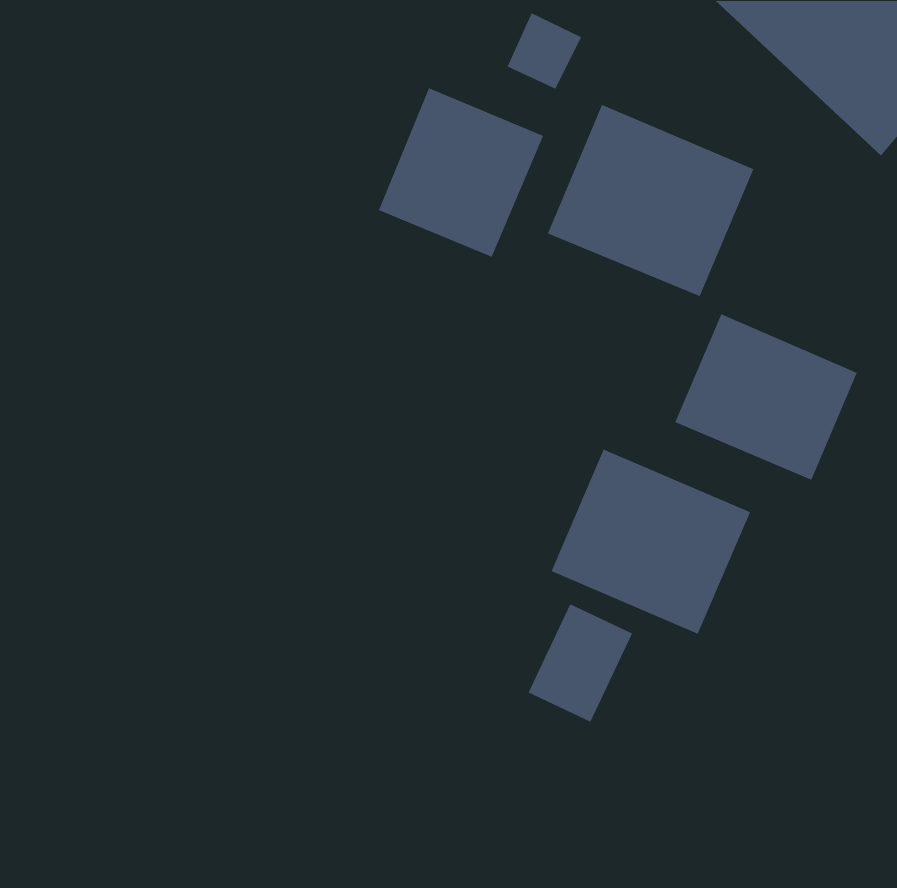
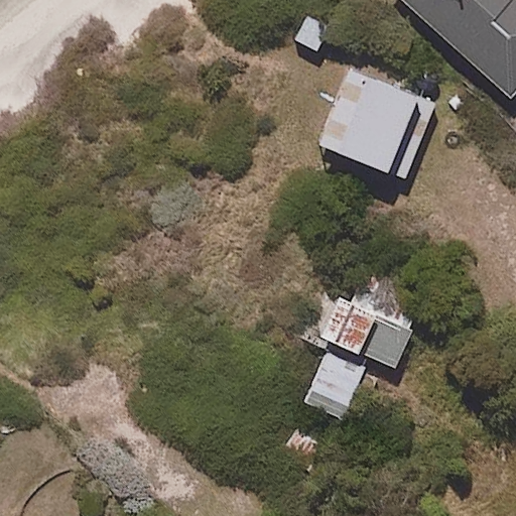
building: [378,87,544,258] -> none
building: [674,313,858,481] -> none

